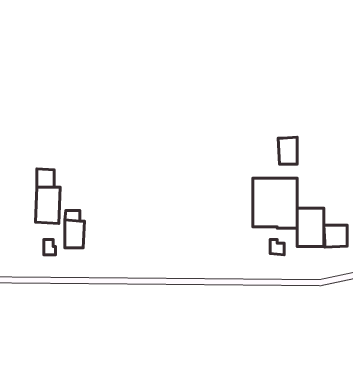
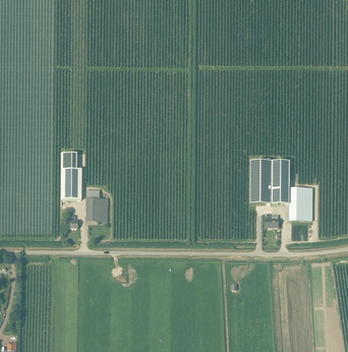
building: [278,137,297,164] -> none
building: [324,225,347,247] -> none

